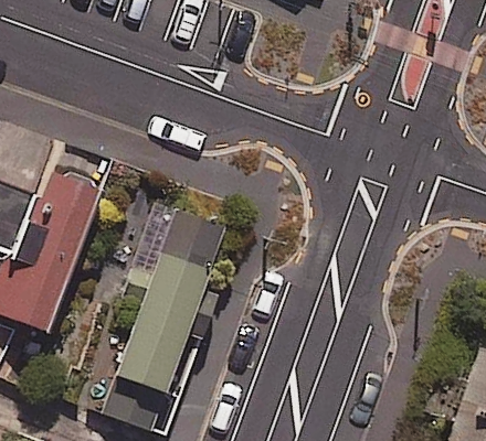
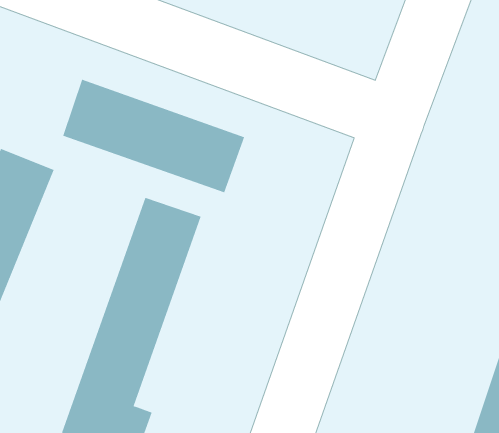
building: none -> [62,79,245,193]

